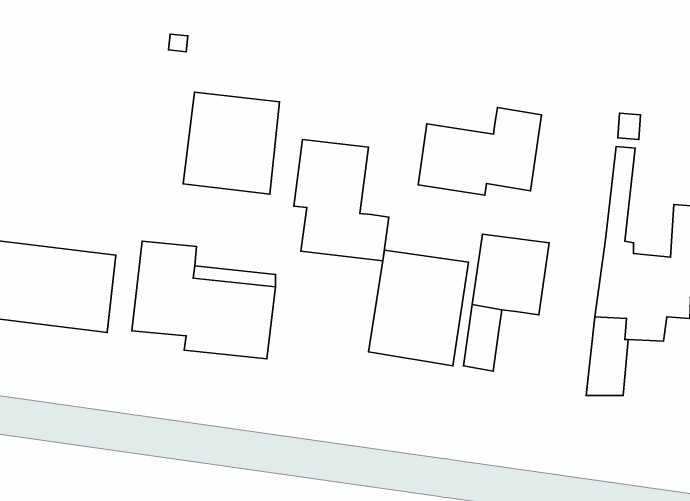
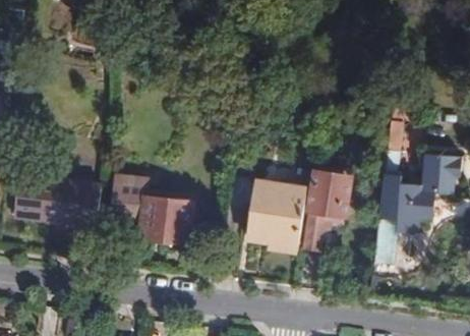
building: [183,92,280,194] -> none
building: [418,107,541,195] -> none
building: [294,140,389,261] -> none

